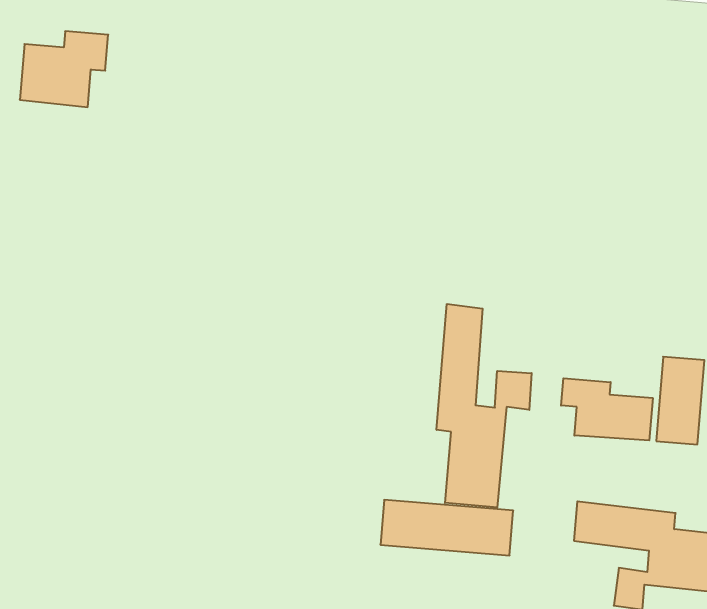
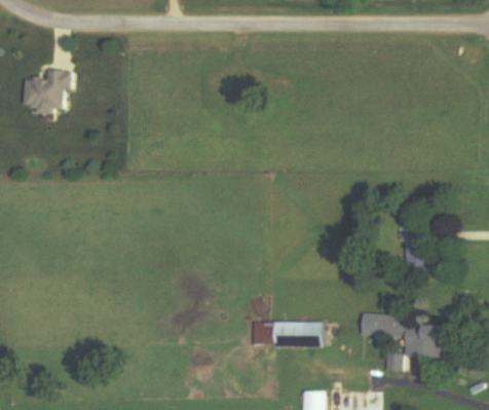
building: [437,304,532,508] -> none
building: [561,378,653,440] -> none

